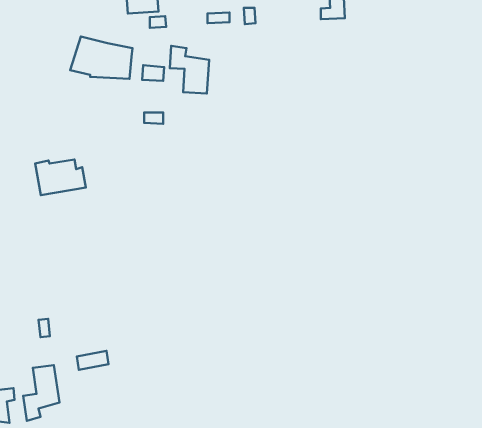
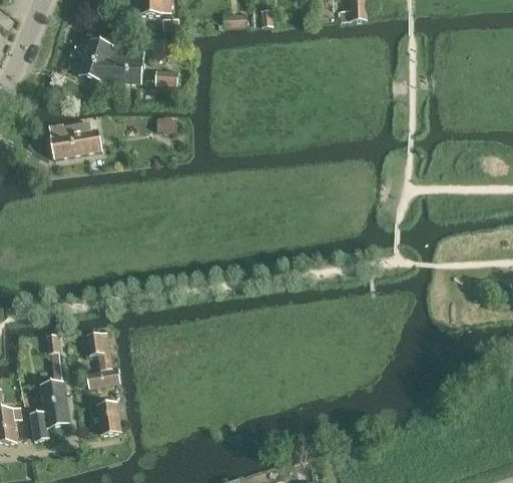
building: [170,46,209,93] -> none
building: [35,160,86,195] -> [48,121,101,158]
building: none -> [87,332,111,369]
building: none -> [93,401,121,434]

